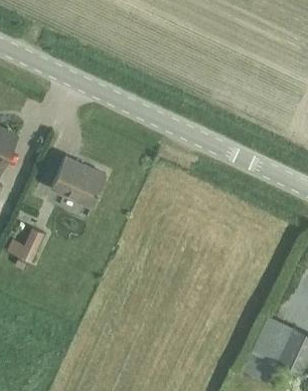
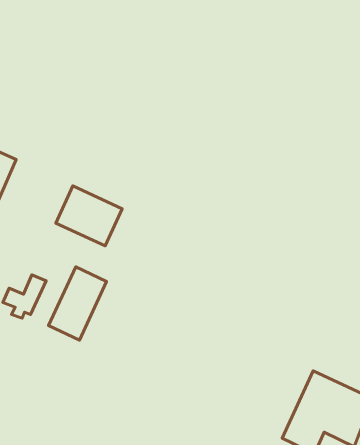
building: none -> [49,267,107,340]

